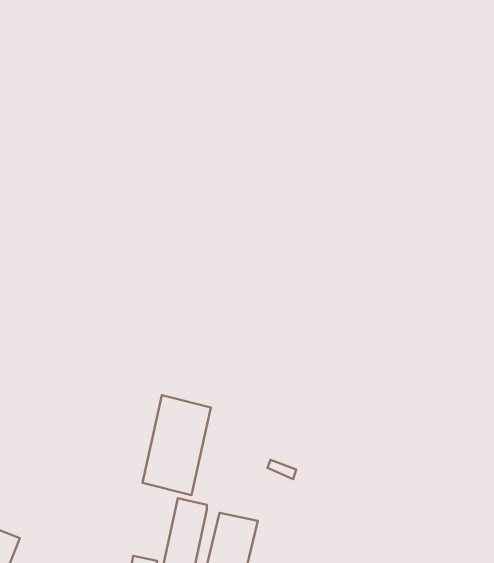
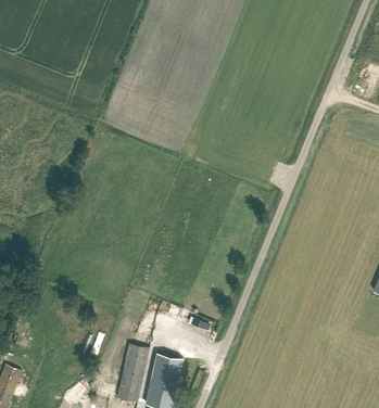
building: [142,395,211,495] -> none

